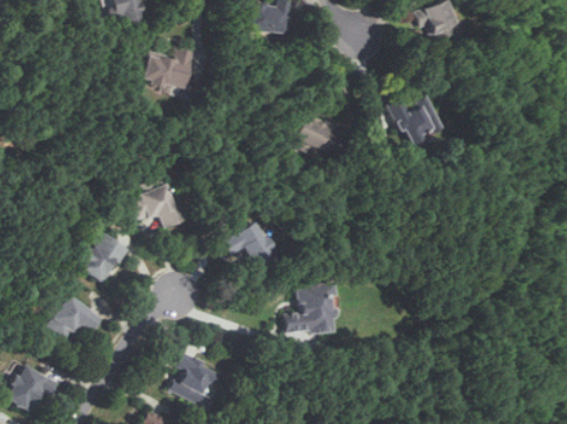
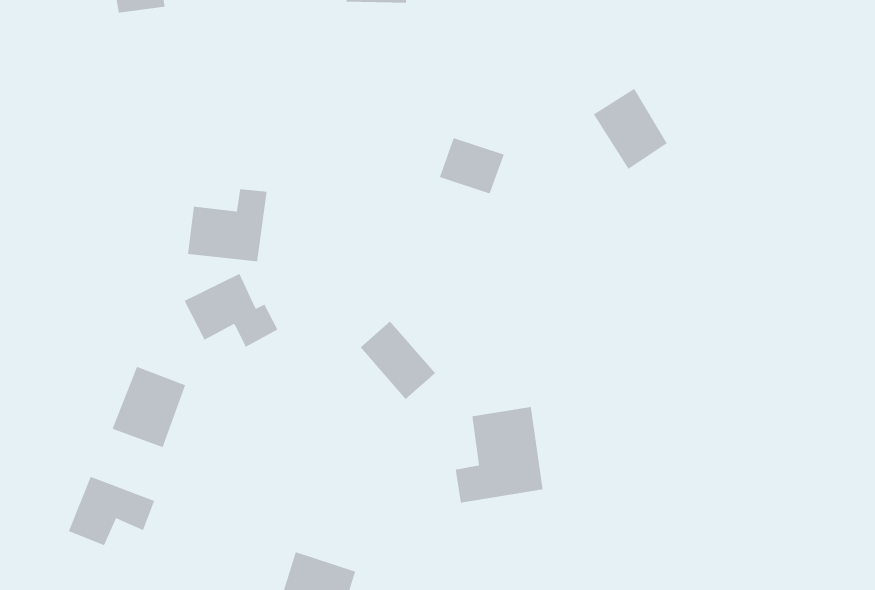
building: [141,46,193,92] -> [187,188,267,262]

